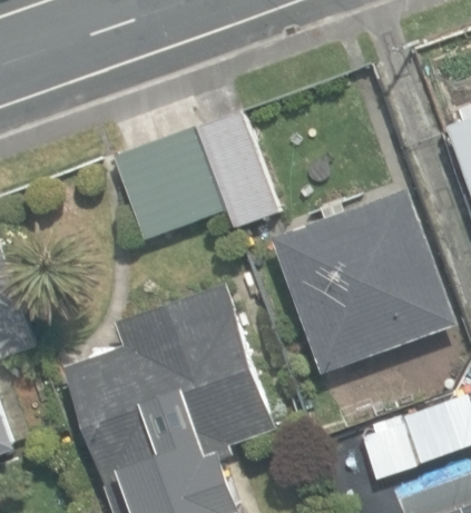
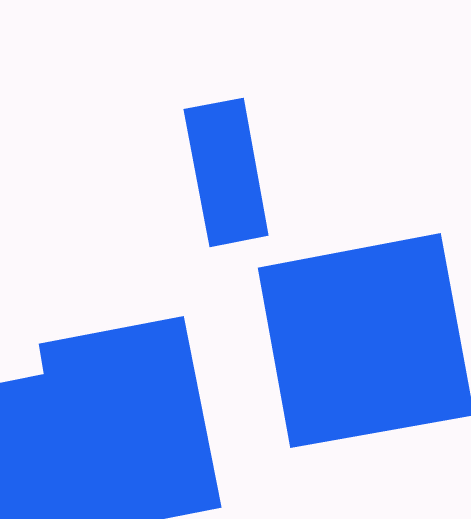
building: [114,128,227,243] -> none

